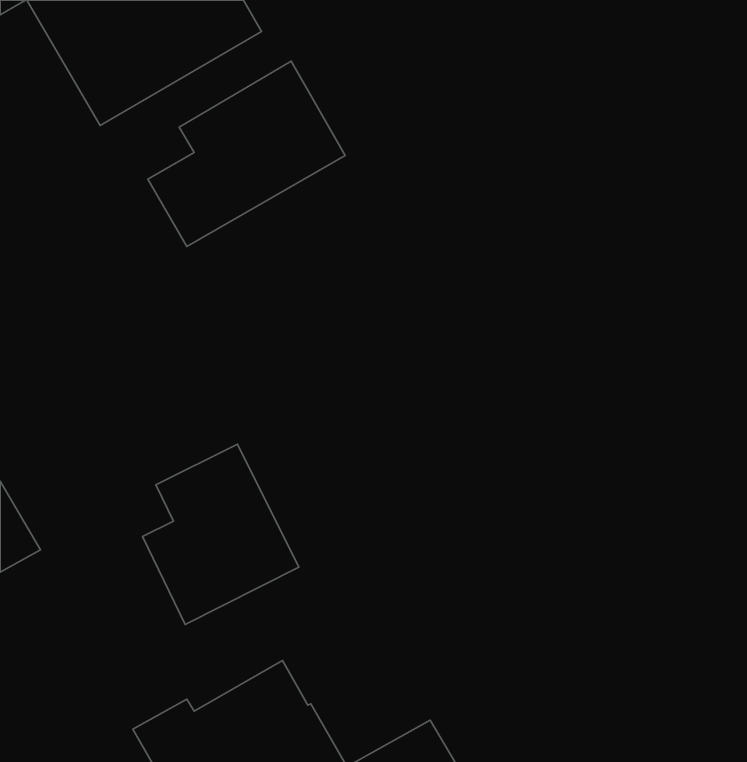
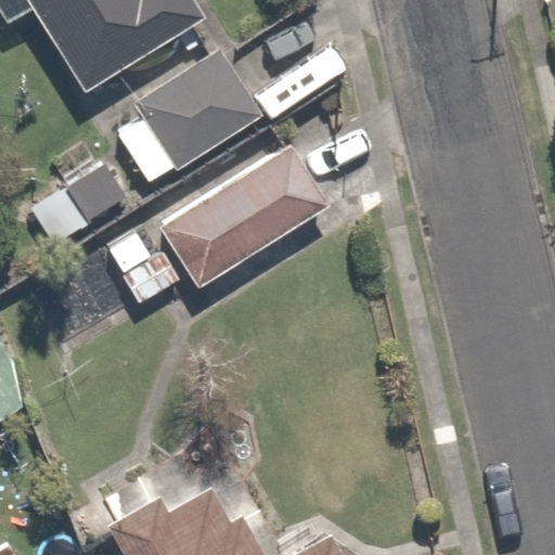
building: none -> [105,149,320,299]
building: [143,444,299,624] -> none

